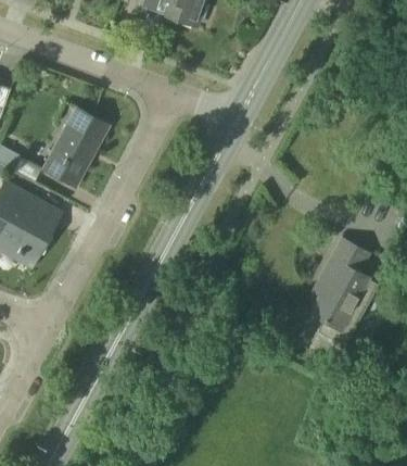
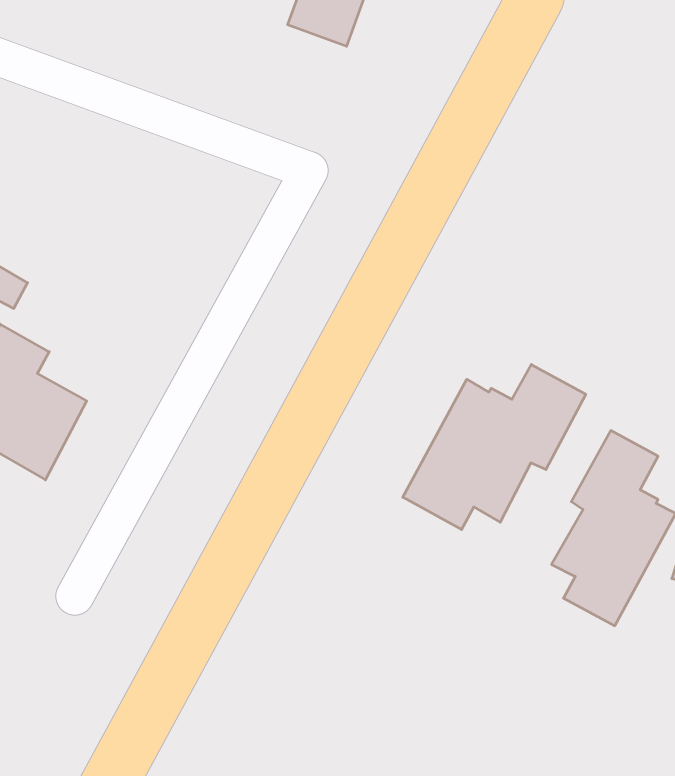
building: [43,108,109,186] -> none
building: none -> [403,364,586,530]

